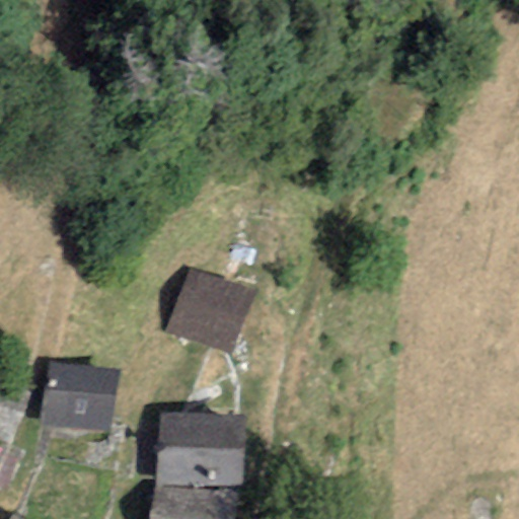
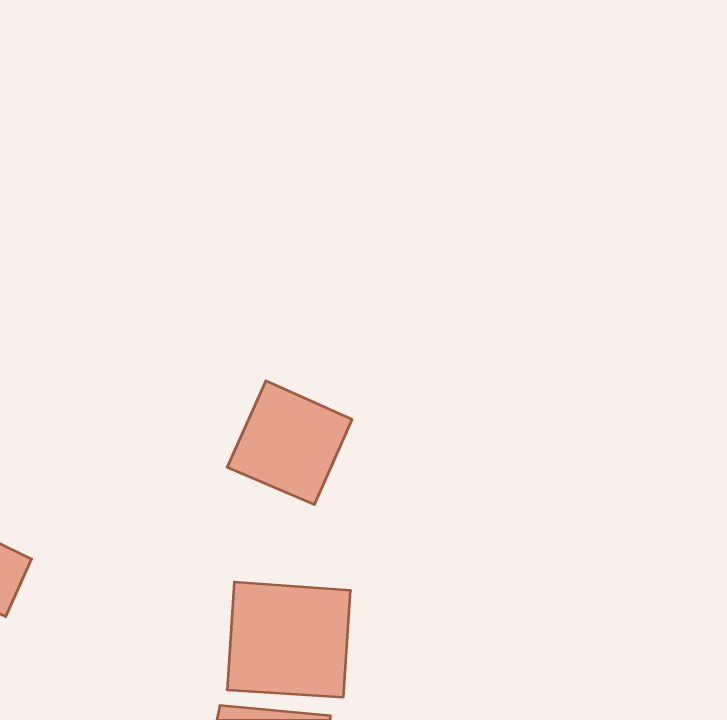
building: [43,370,114,435] -> none

